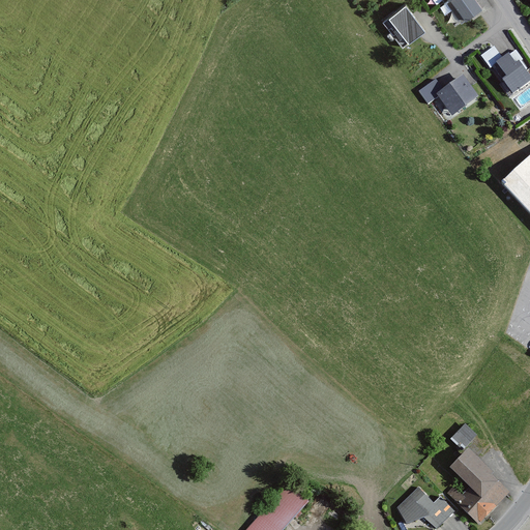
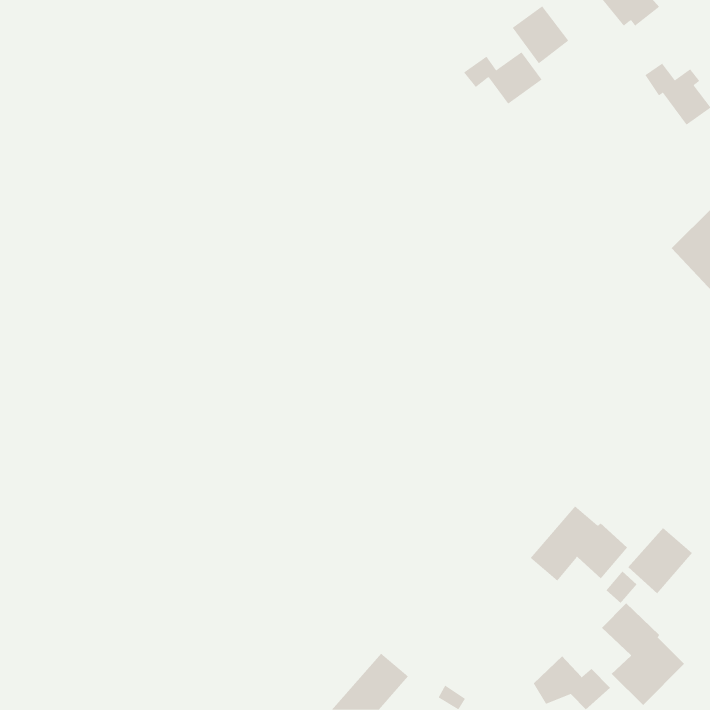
building: [418,76,477,115] -> [463,51,543,104]
building: none -> [530,505,628,582]
building: none -> [628,527,693,594]

